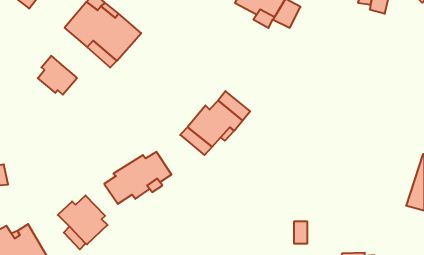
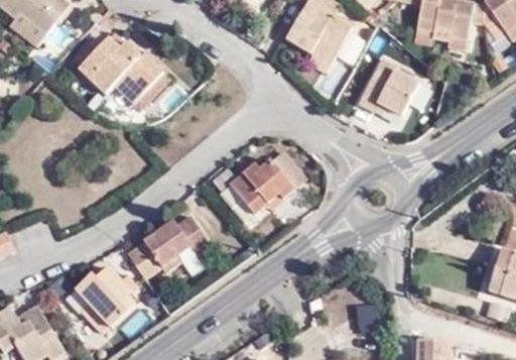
building: none -> [360,52,419,111]
building: [38,56,77,95] -> none

